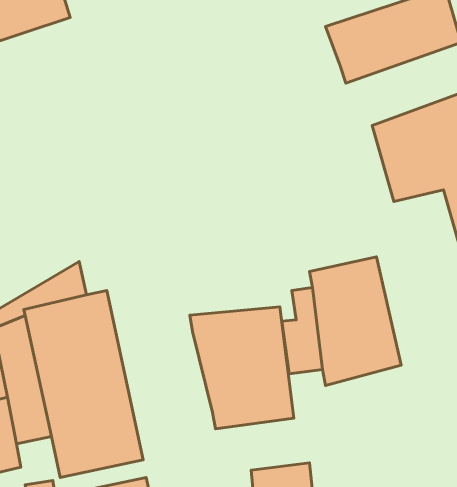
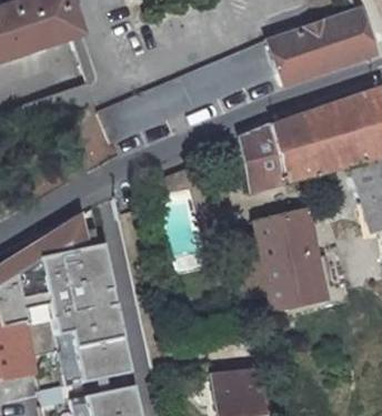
building: none -> [100,39,281,140]
building: none -> [239,114,322,191]
building: [190,307,294,429] -> none

